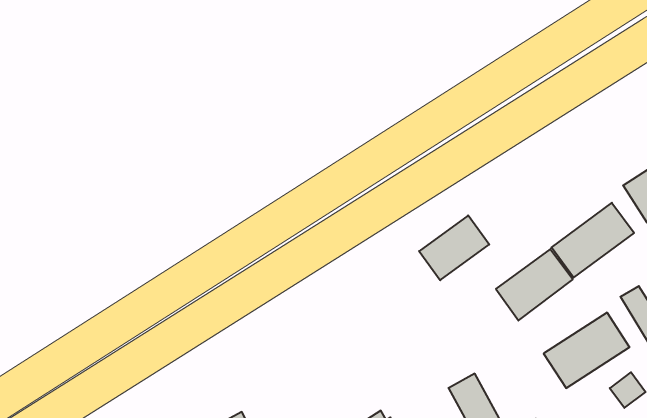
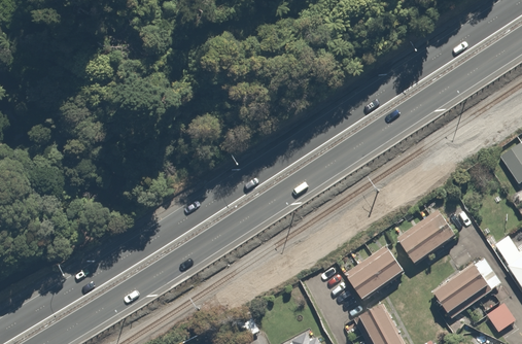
building: [551,203,634,278] -> none
building: [419,215,489,280] -> [346,249,401,300]

